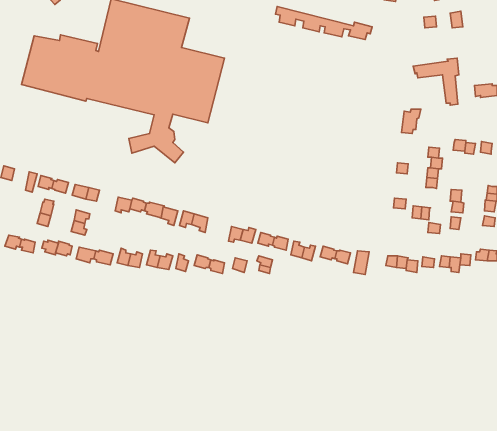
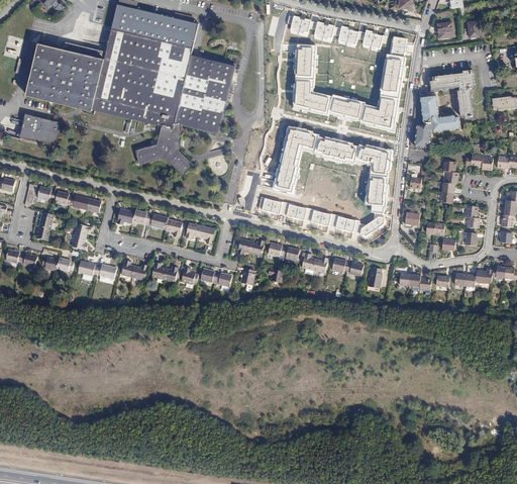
building: none -> [290,35,405,130]
building: none -> [420,90,461,128]
building: none -> [18,113,61,146]
building: none -> [257,124,390,234]

